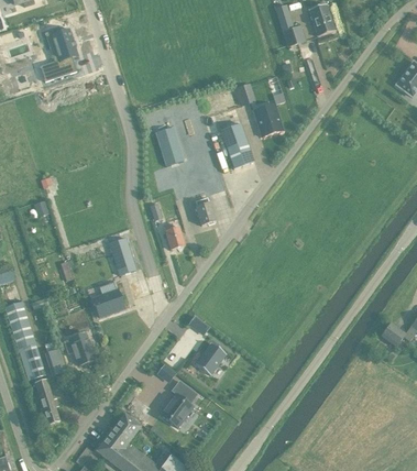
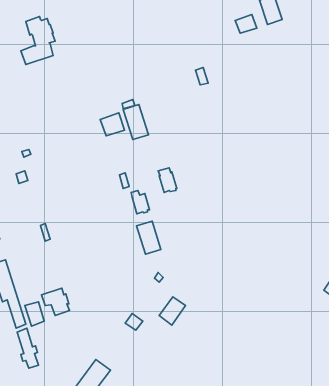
building: [253,105,283,136] -> none
building: [220,123,254,168] -> none
building: none -> [100,113,124,136]
building: [109,238,136,275] -> [137,221,161,254]
building: [92,289,124,317] -> none
building: [161,381,197,427] -> none

